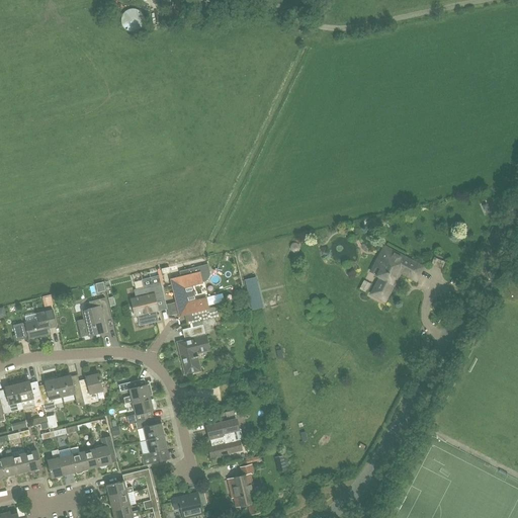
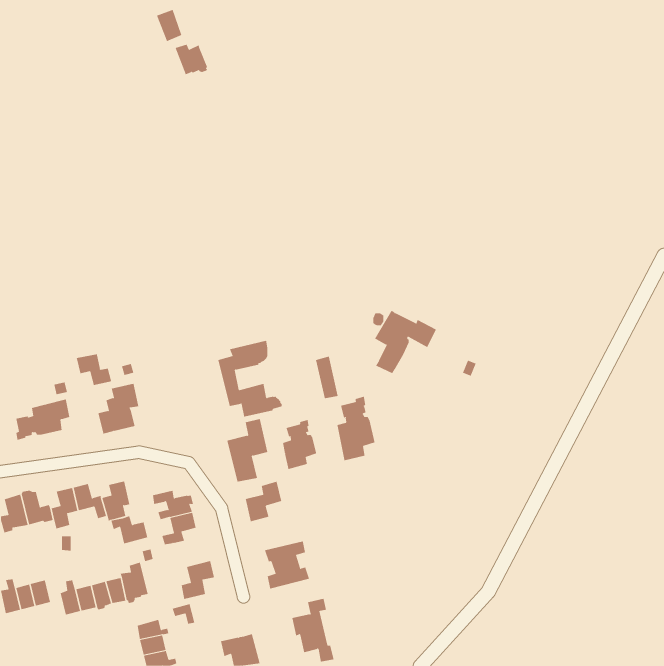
building: none -> [175,44,208,75]
building: [370,250,419,301] -> [374,310,437,376]
building: none -> [76,353,112,386]
building: [133,284,164,325] -> none
building: none -> [337,396,375,461]
building: none -> [282,419,317,470]
building: none -> [245,481,282,522]
building: [135,418,164,440] -> [110,515,148,544]

